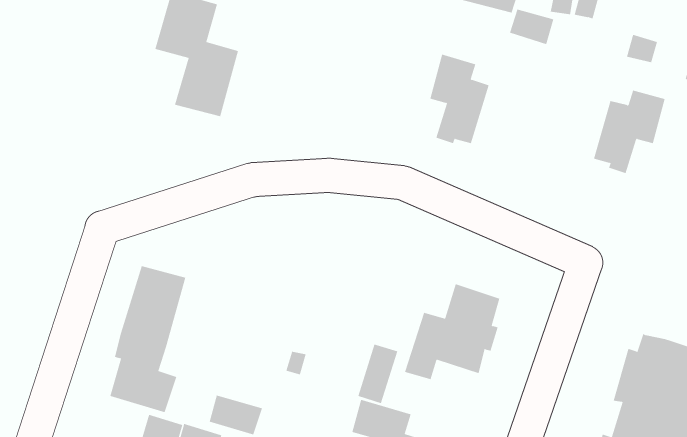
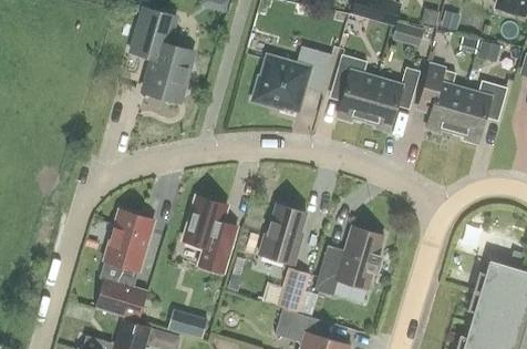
building: none -> [251,47,331,111]
building: none -> [421,66,465,132]
building: none -> [363,68,420,132]
building: none -> [183,196,237,273]
building: none -> [258,204,306,265]

